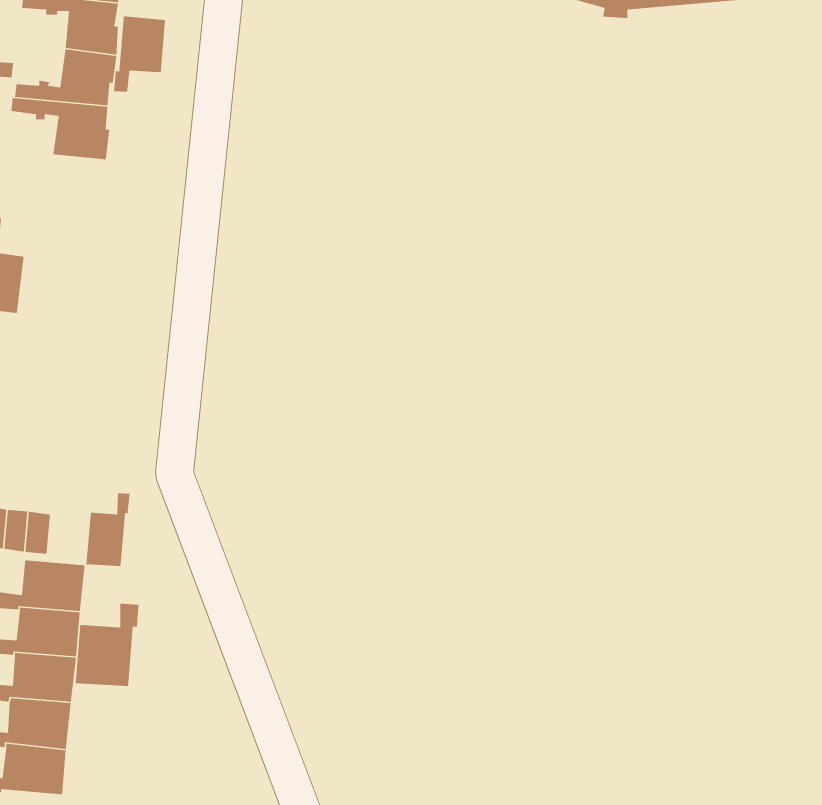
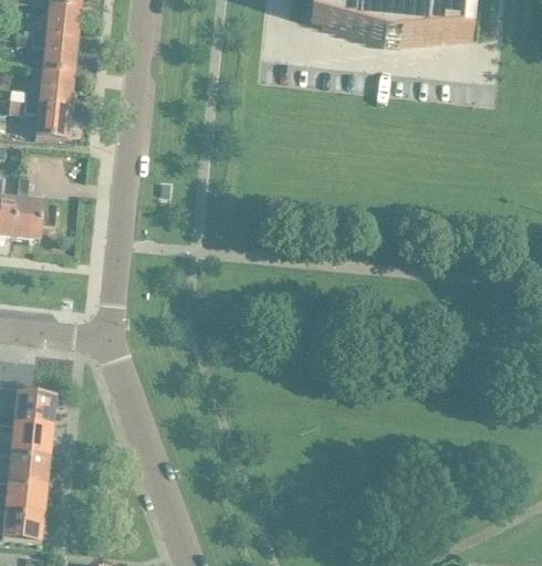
building: [113,16,166,93] -> none
building: none -> [12,176,56,239]
building: [86,492,130,567] -> none
building: [75,603,140,687] -> none

